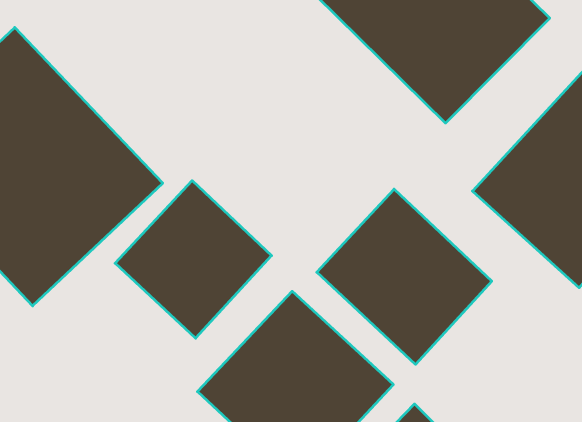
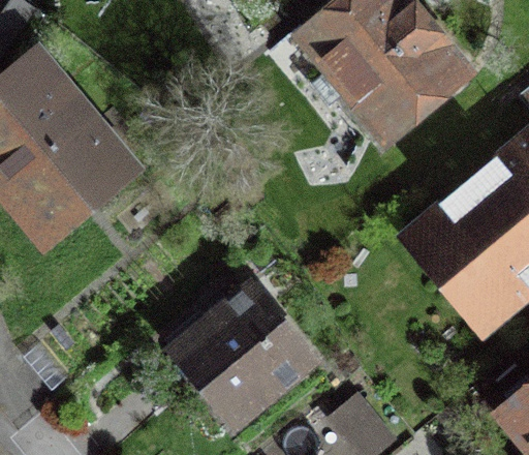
building: [115,181,272,338] -> none
building: [317,189,492,364] -> none

